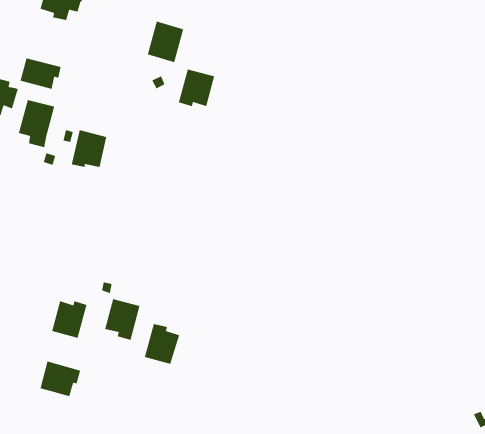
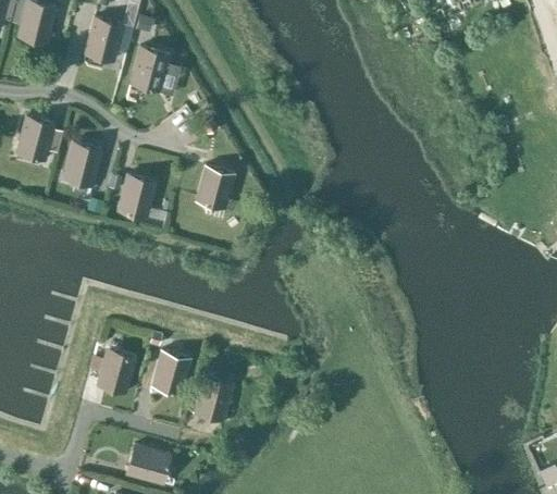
building: [147,21,184,63] -> [129,47,169,91]
building: [20,57,62,90] -> none
building: [178,69,215,107] -> [195,165,234,206]
building: [40,361,81,397] -> [126,445,170,483]

